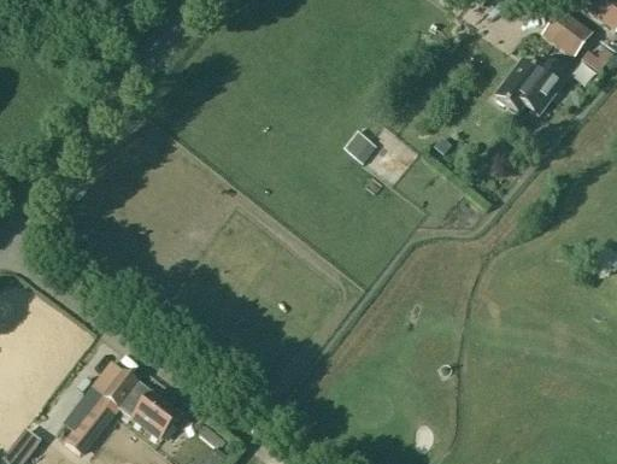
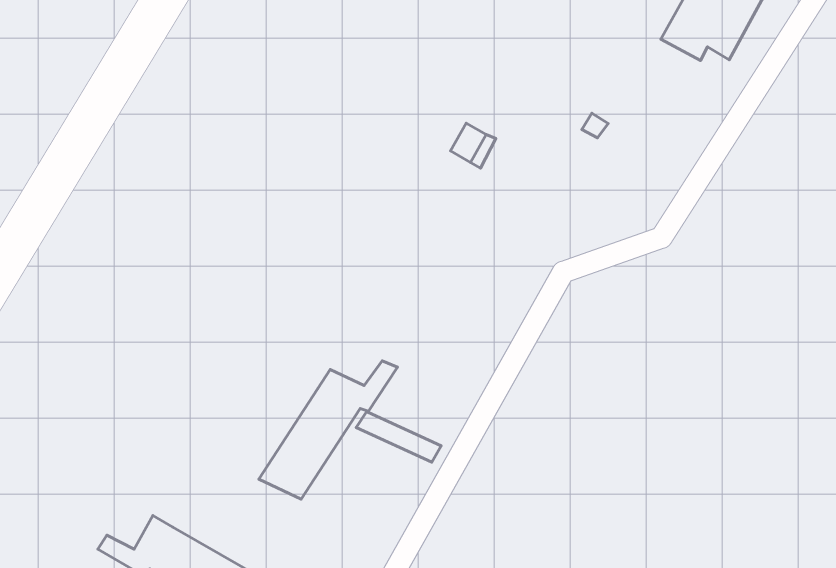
building: none -> [259,361,441,499]

